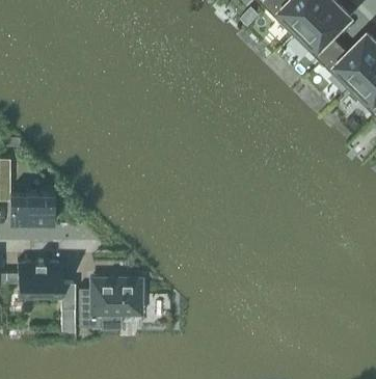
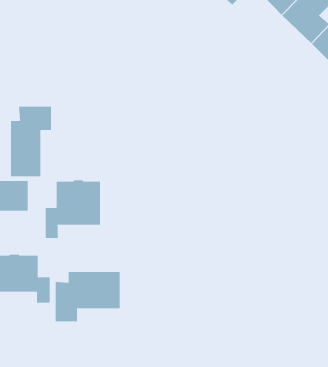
building: none -> [11,106,52,177]
building: none -> [45,179,100,239]

